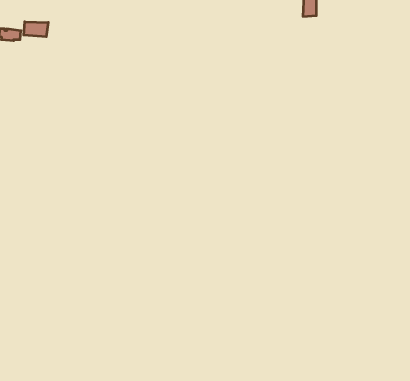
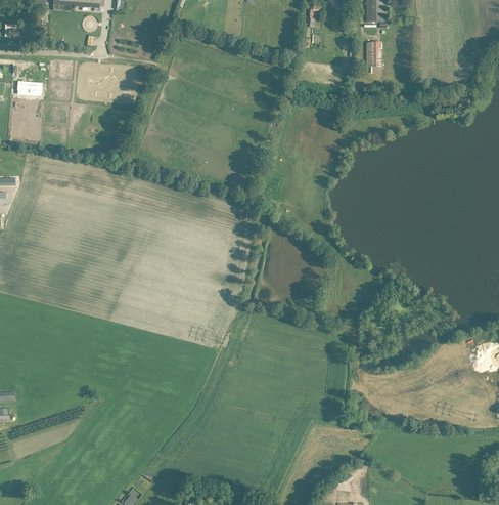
building: [24,22,48,37] -> none

